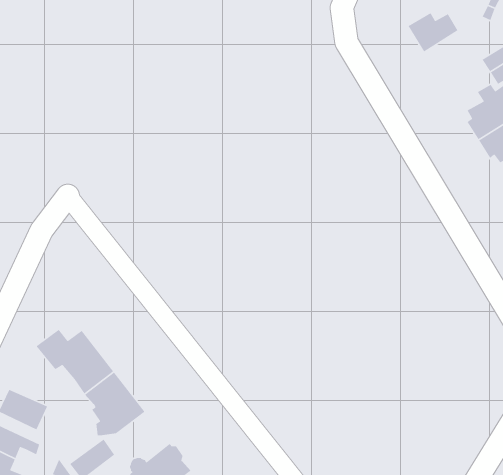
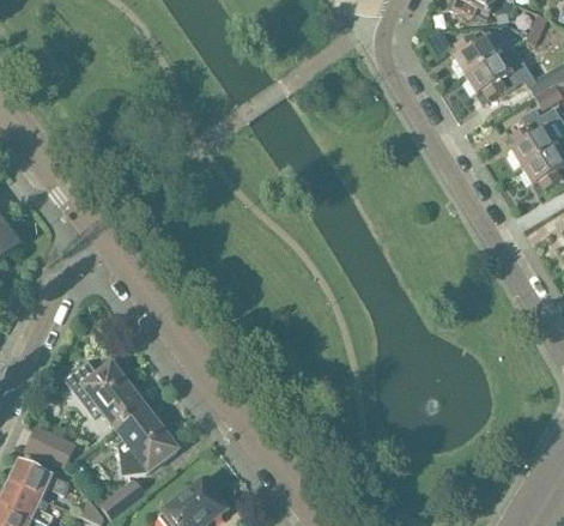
building: none -> [466,53,518,103]

